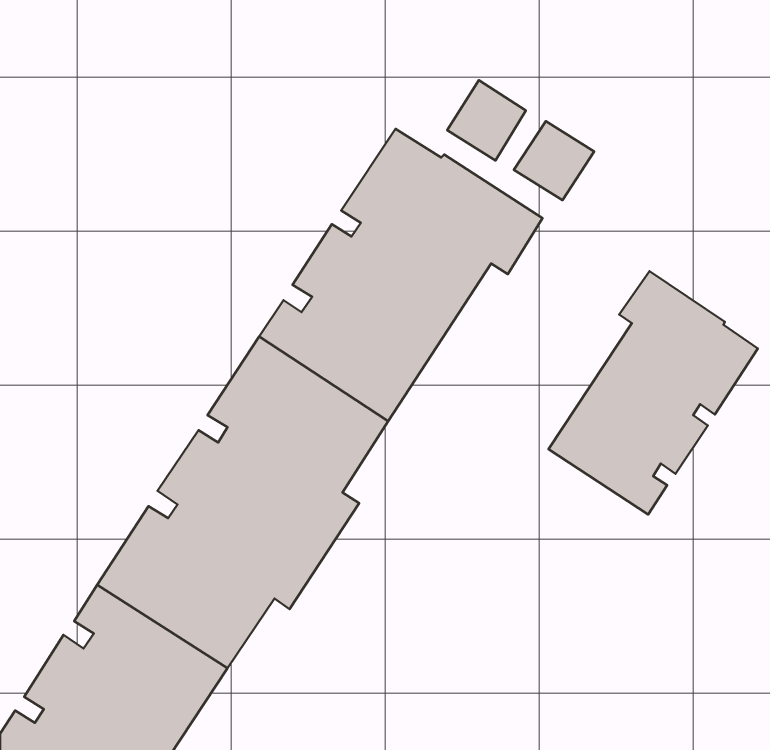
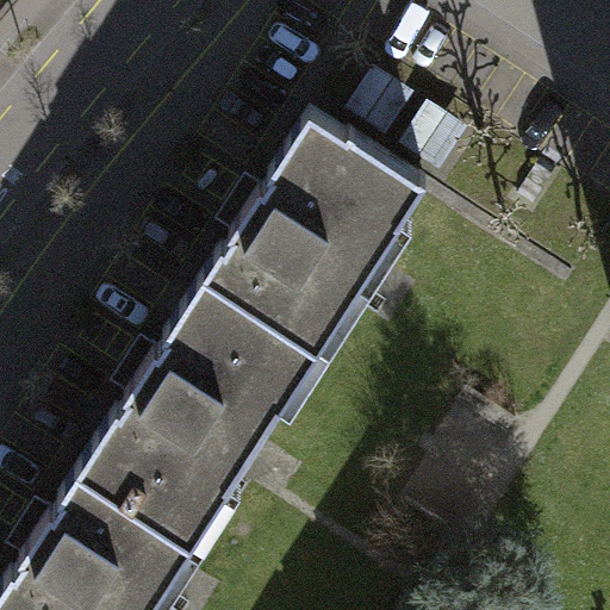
building: [548,271,758,515] -> none

